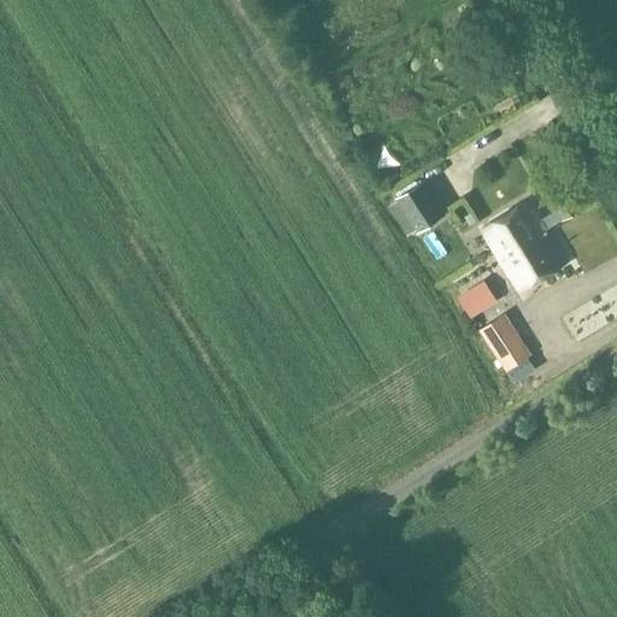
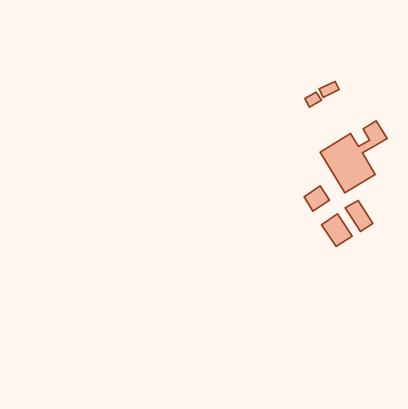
building: [390,182,443,237] -> none
building: none -> [345,200,373,231]

